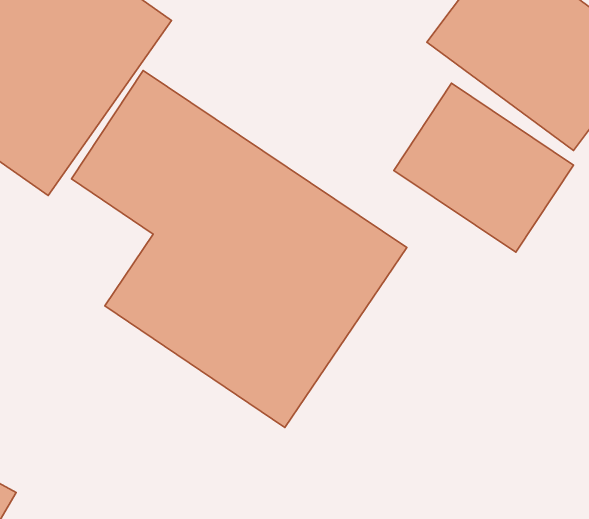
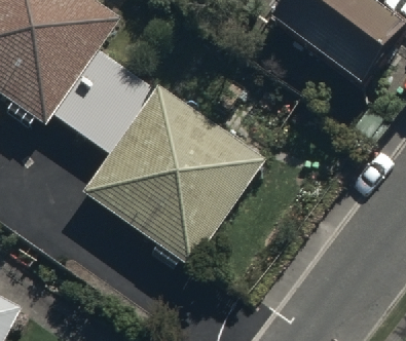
building: [394,83,573,252] -> none

